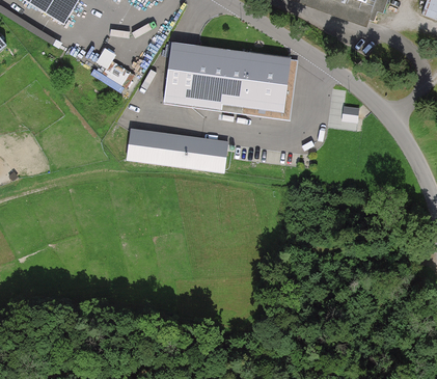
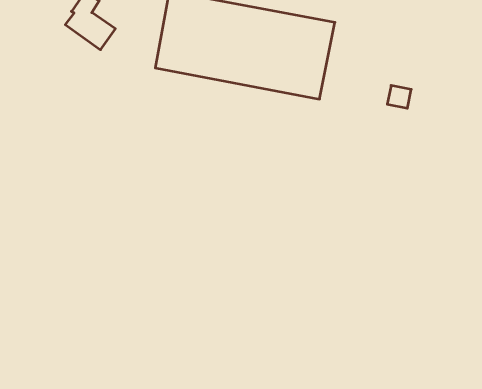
building: [127,125,229,169] -> none

